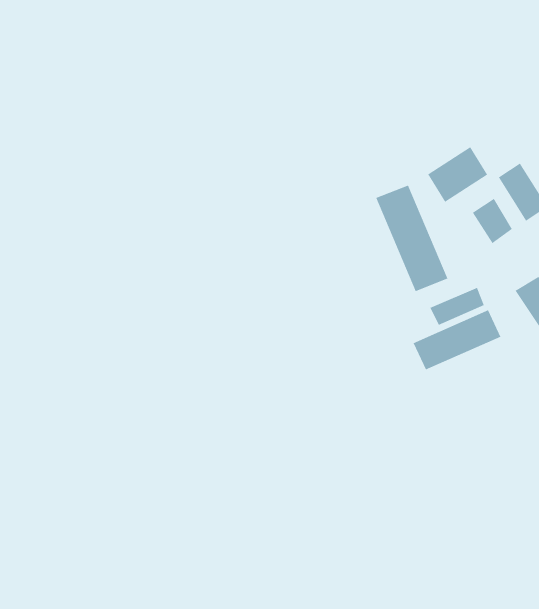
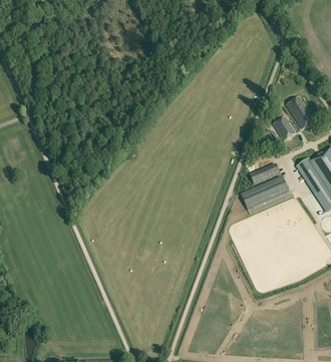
building: [427,146,488,203] -> none
building: [375,184,448,292] -> none

